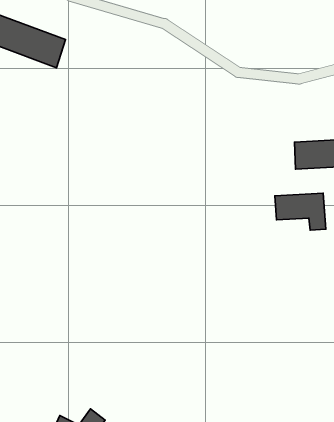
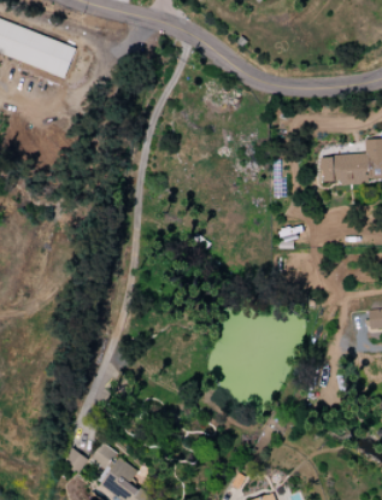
building: [275,193,326,230] -> none

